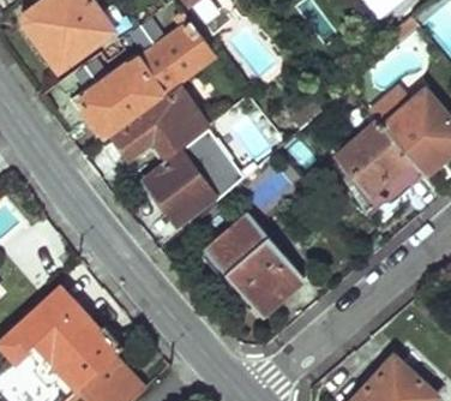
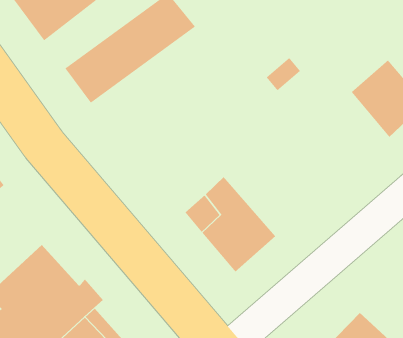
building: [115,86,209,158] -> none
building: [336,119,423,204] -> none
building: [144,133,242,226] -> none

